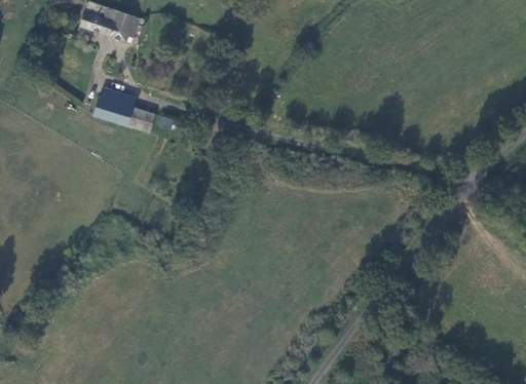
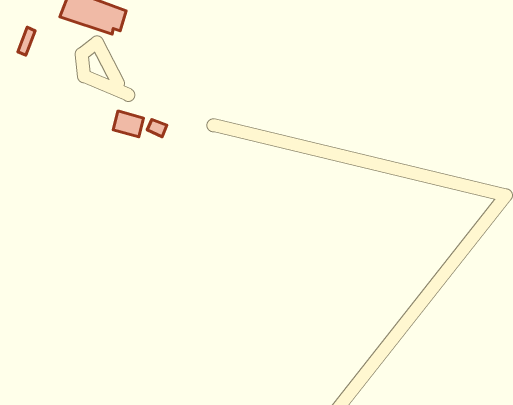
building: [92,86,135,123] -> none

